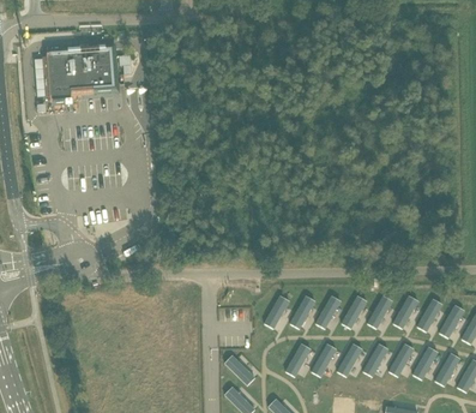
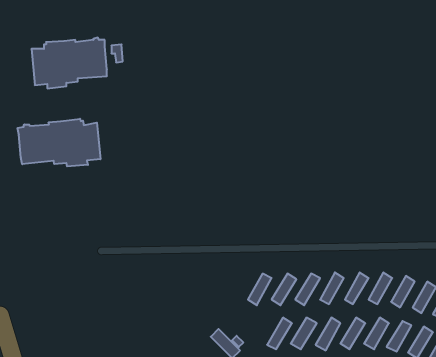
building: none -> [18,119,100,166]

